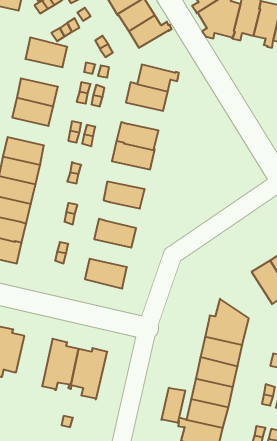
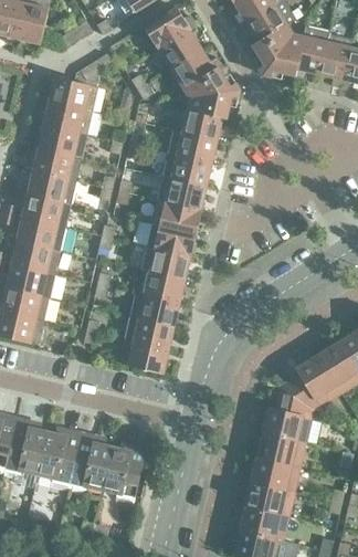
building: none -> [183,66,240,117]
building: none -> [43,101,93,134]
building: none -> [162,153,212,186]
building: none -> [28,170,76,203]
building: none -> [146,222,197,256]
building: none -> [144,271,185,302]
building: none -> [125,315,175,348]
building: none -> [280,354,341,409]
building: none -> [34,429,81,490]
building: [162,388,185,423] -> none

